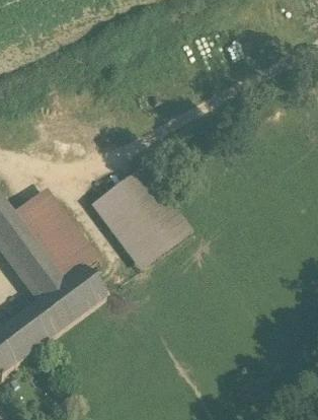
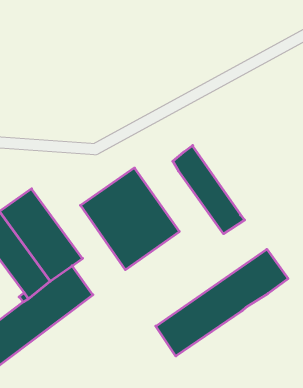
building: none -> [173,145,245,234]
building: none -> [156,249,288,356]

